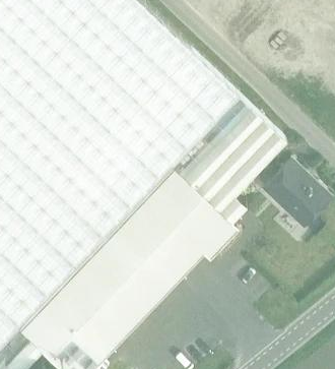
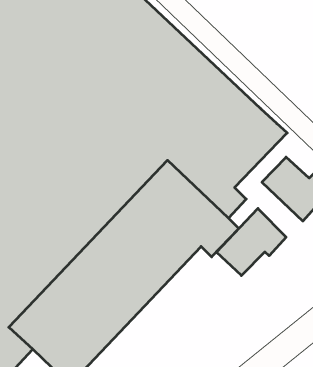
building: none -> [216,208,286,276]

